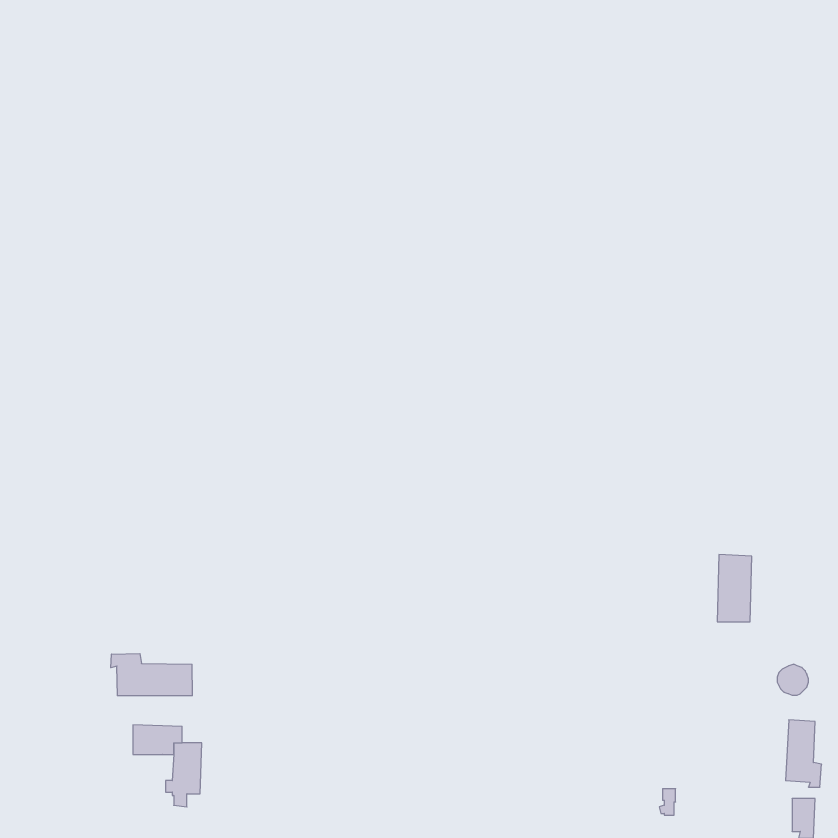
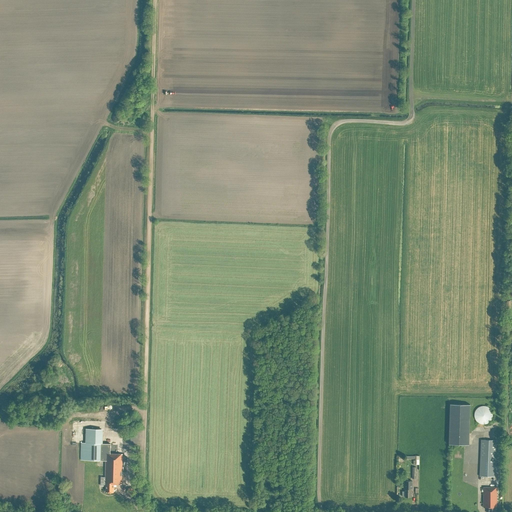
building: [717,555,752,622] -> [449,403,470,444]
building: [111,654,192,696] -> none

